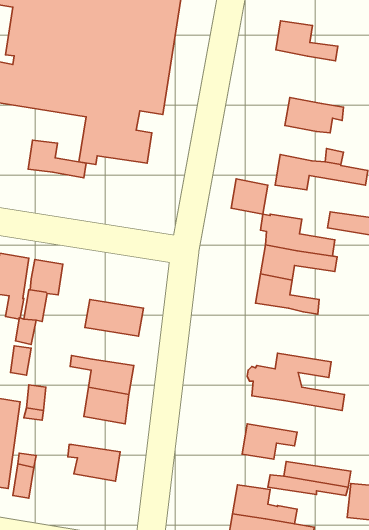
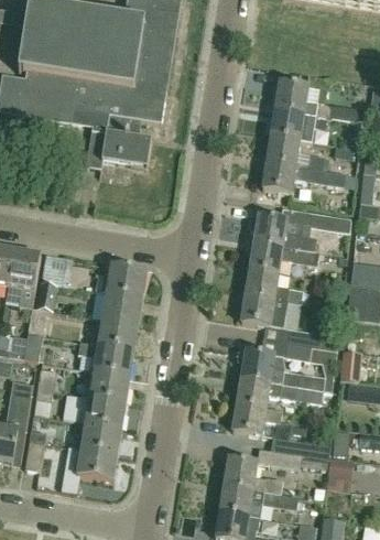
building: [276,21,338,61] -> [275,82,332,118]
building: [28,140,86,178] -> none
building: [231,179,268,214] -> [267,133,300,165]
building: none -> [95,264,146,299]
building: none -> [240,294,338,352]
building: none -> [90,316,139,350]
building: none -> [237,378,323,411]
building: none -> [78,396,127,429]
building: none -> [77,449,118,482]

